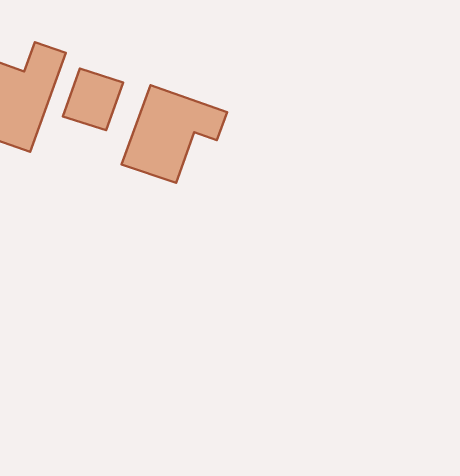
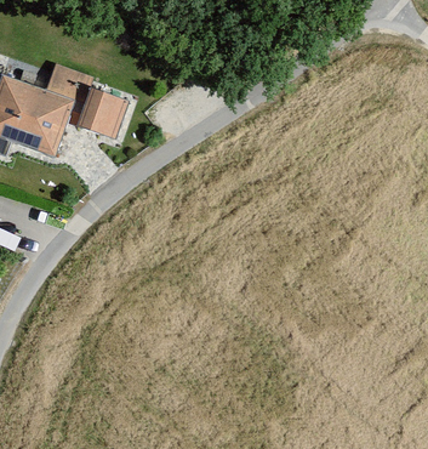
building: [122,85,227,183] -> none

